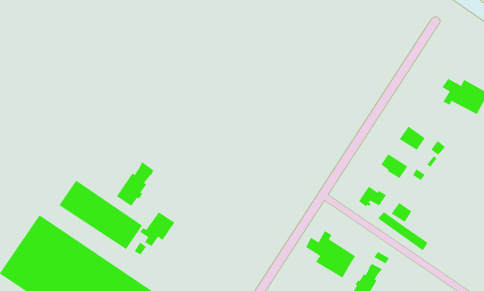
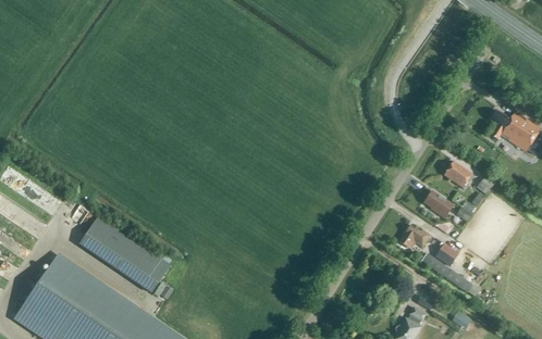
building: [116,161,154,207] -> none
building: [140,211,175,247] -> none
building: [305,230,356,279] -> none

